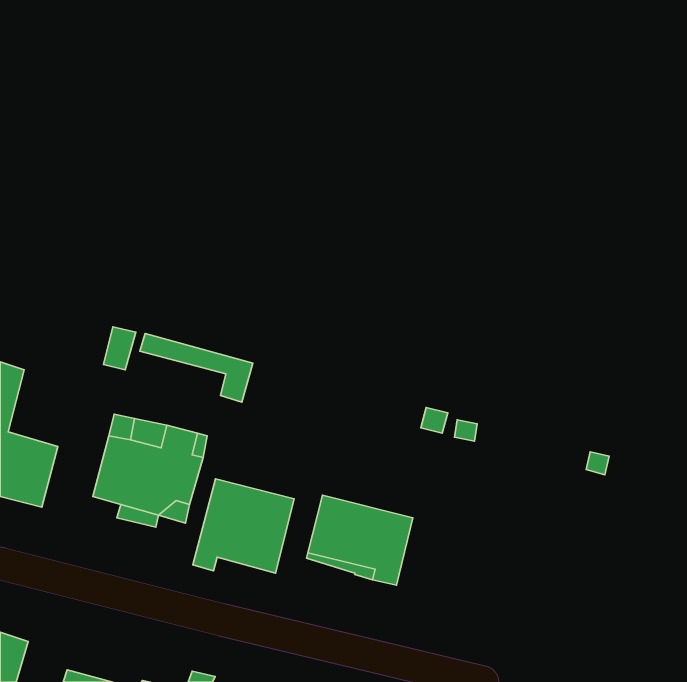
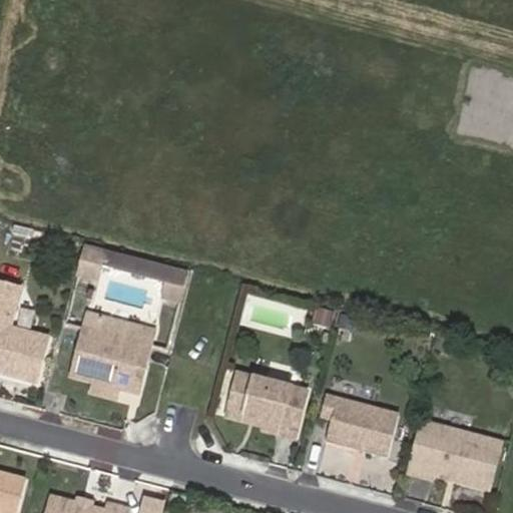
building: [193,479,294,573] -> none
building: none -> [324,396,399,458]
building: none -> [409,424,499,490]

